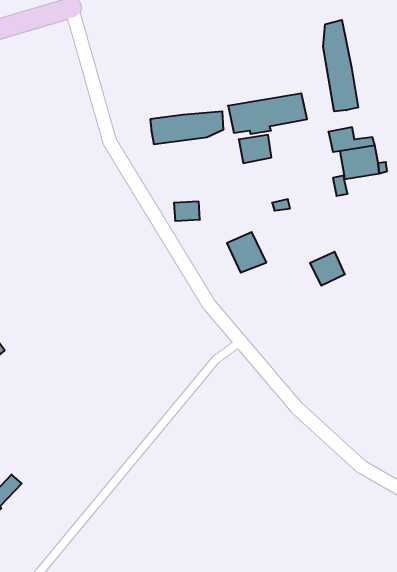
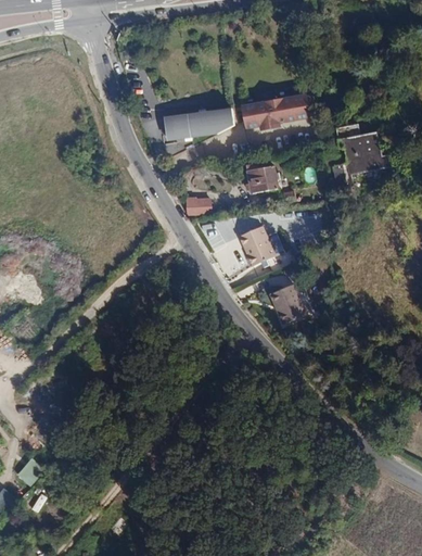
building: [323,20,358,111] -> none
building: [239,135,271,163] -> [246,166,278,193]
building: [310,252,345,286] -> [267,283,300,316]

